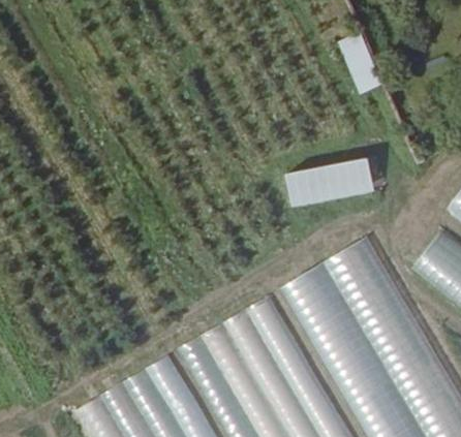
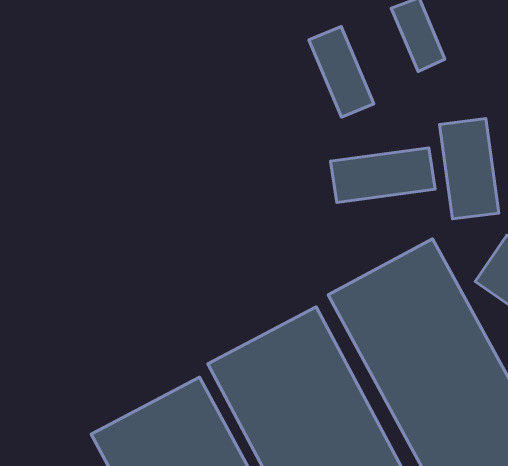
building: none -> [309,27,374,117]
building: none -> [440,118,499,219]

